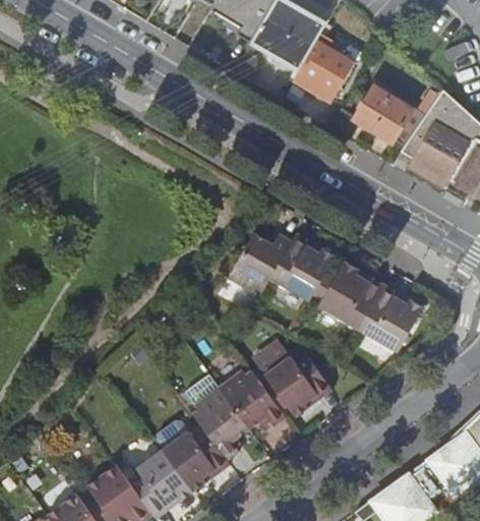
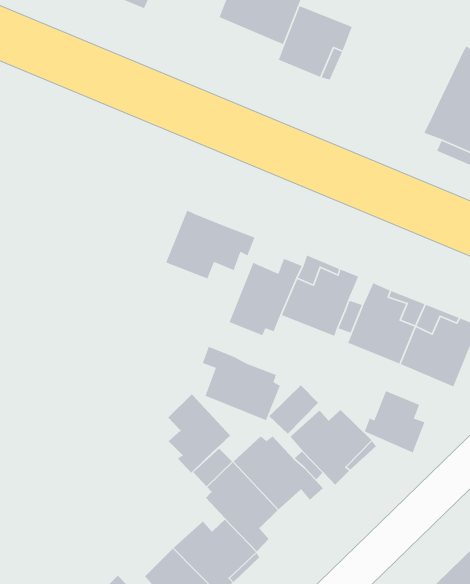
building: [355,83,439,146] -> none
building: none -> [165,210,255,279]
building: none -> [202,346,281,421]
building: none -> [167,394,231,473]
building: none -> [364,390,425,453]

